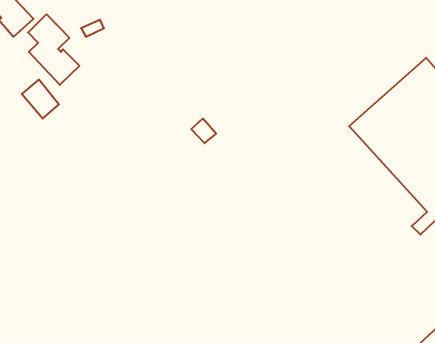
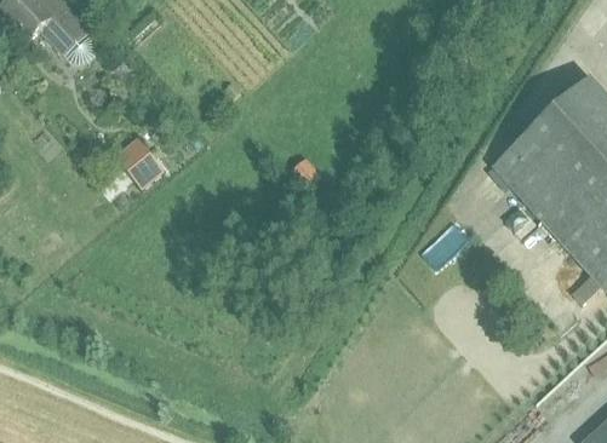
building: [28,14,79,85] -> none
building: [22,80,59,119] -> [115,138,162,188]

